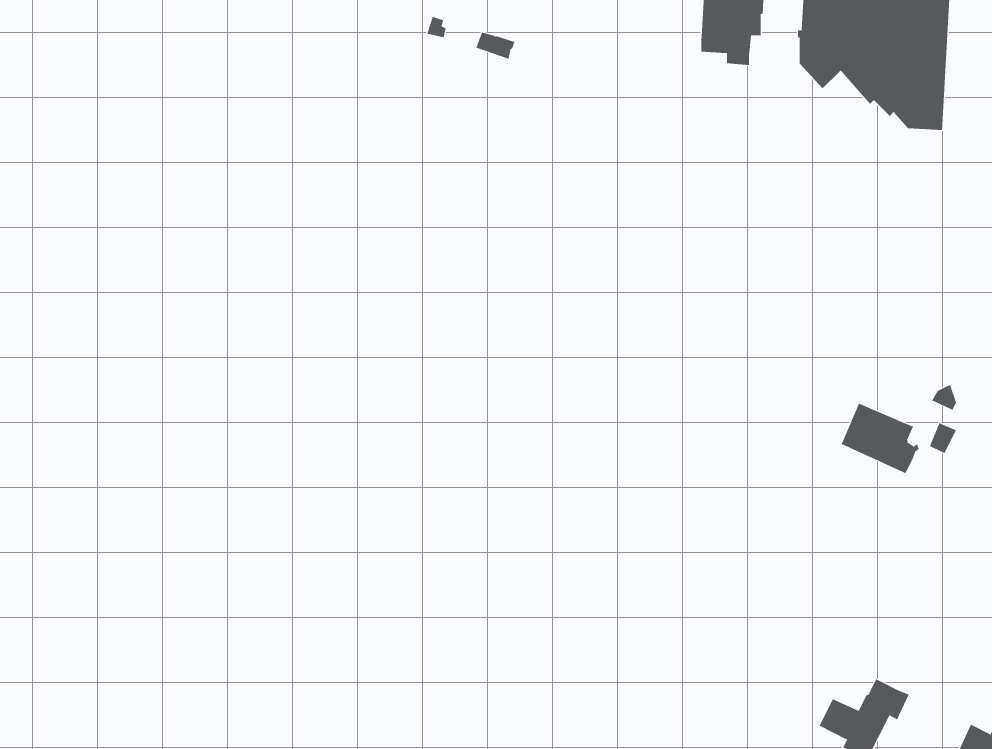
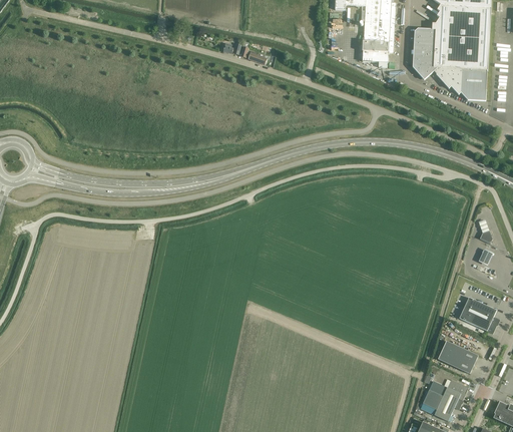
building: [841,403,920,474] -> [459,297,499,333]
building: none -> [437,340,478,373]

